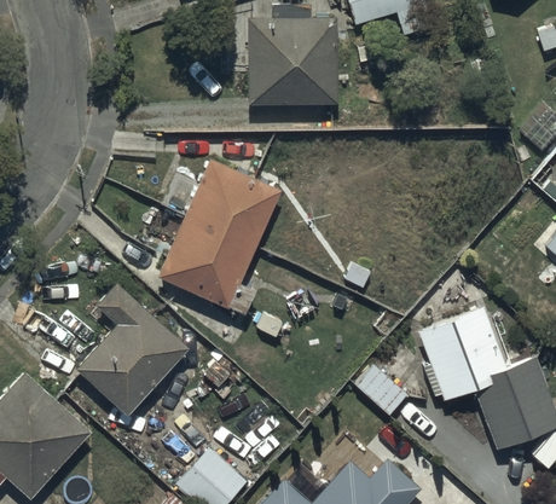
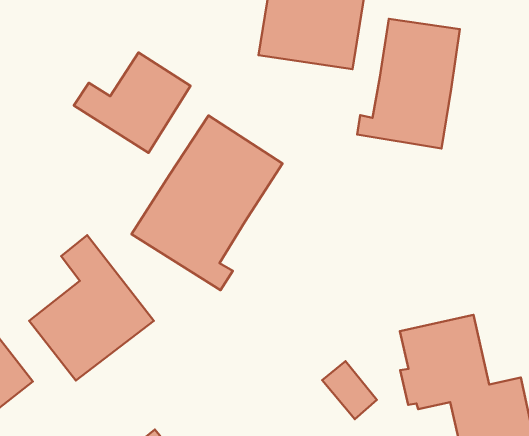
building: none -> [357,19,460,149]
building: none -> [74,53,190,153]

